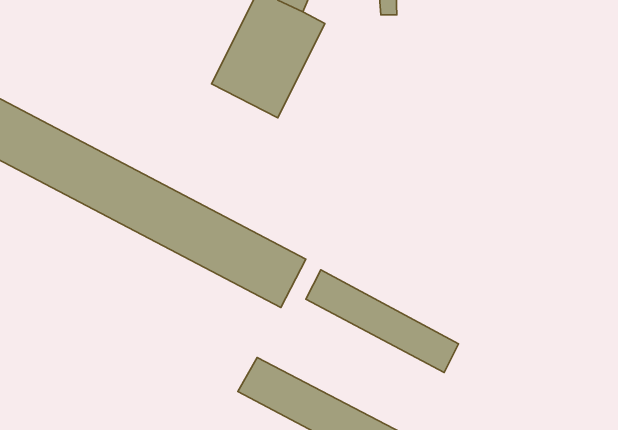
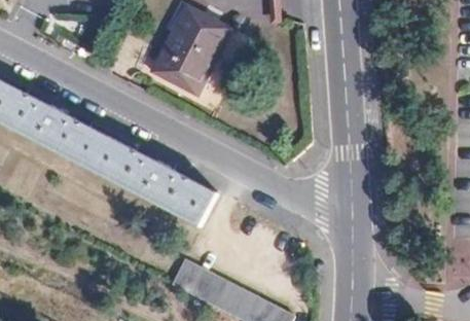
building: [306,270,458,373] -> none

